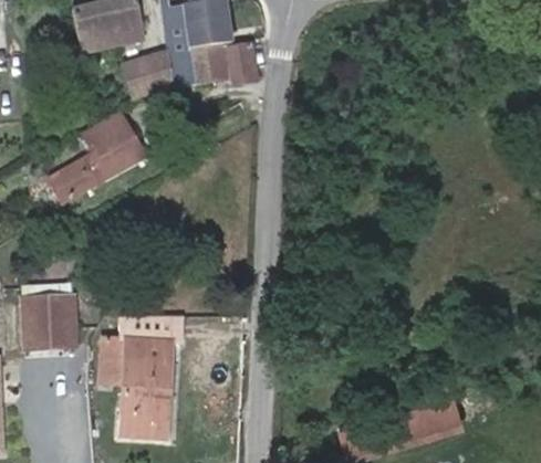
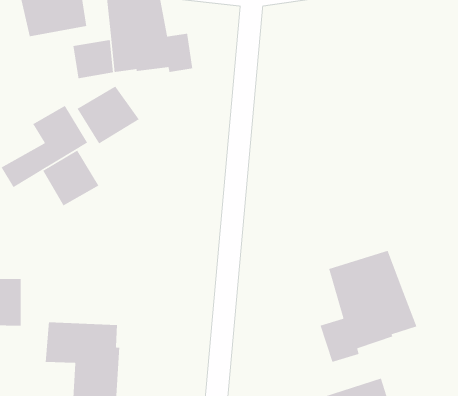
building: none -> [76,85,140,144]
building: none -> [42,149,99,207]
building: none -> [320,250,418,363]

